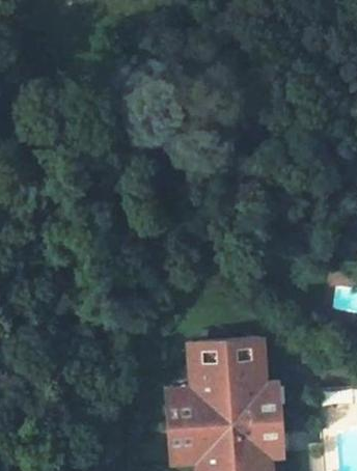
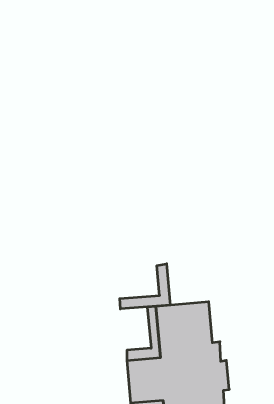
building: none -> [120,264,170,309]

